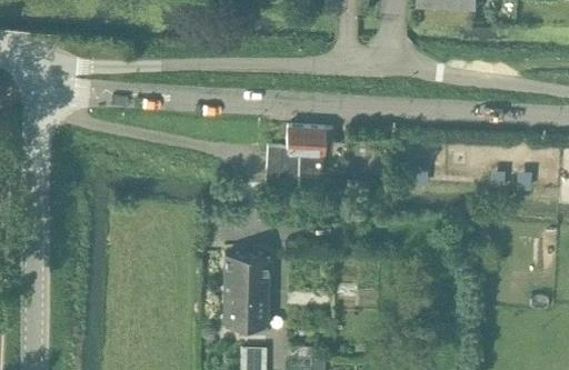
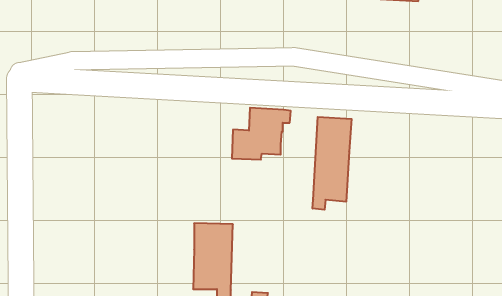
building: none -> [313,117,352,210]

